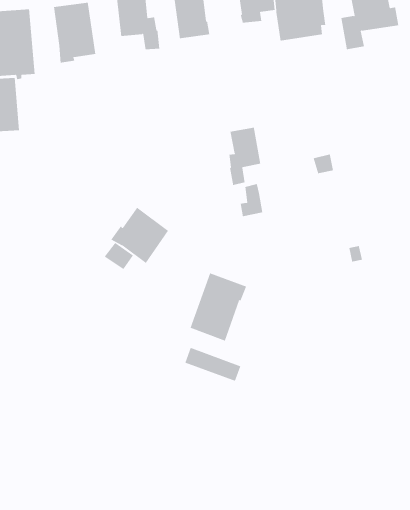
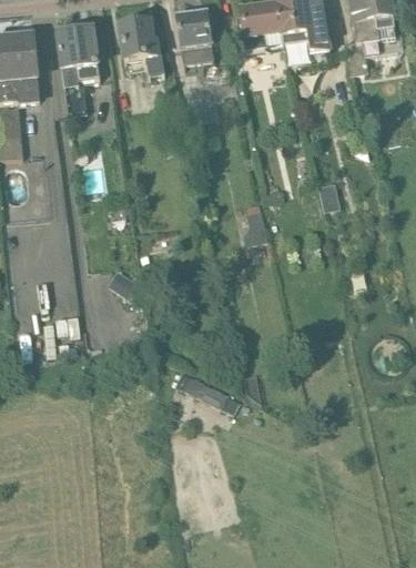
building: [229,127,261,186] -> none
building: [111,207,169,264] -> none
building: [190,272,247,342] -> none

